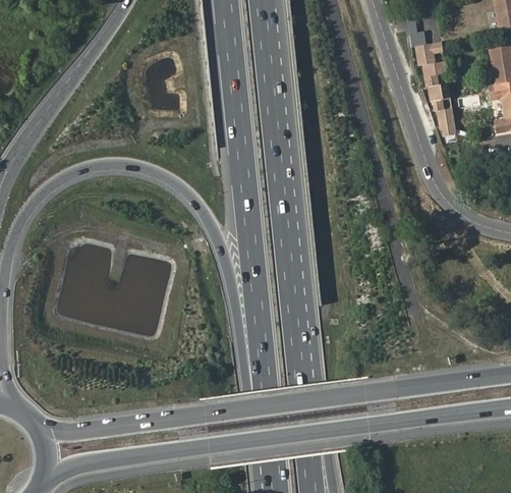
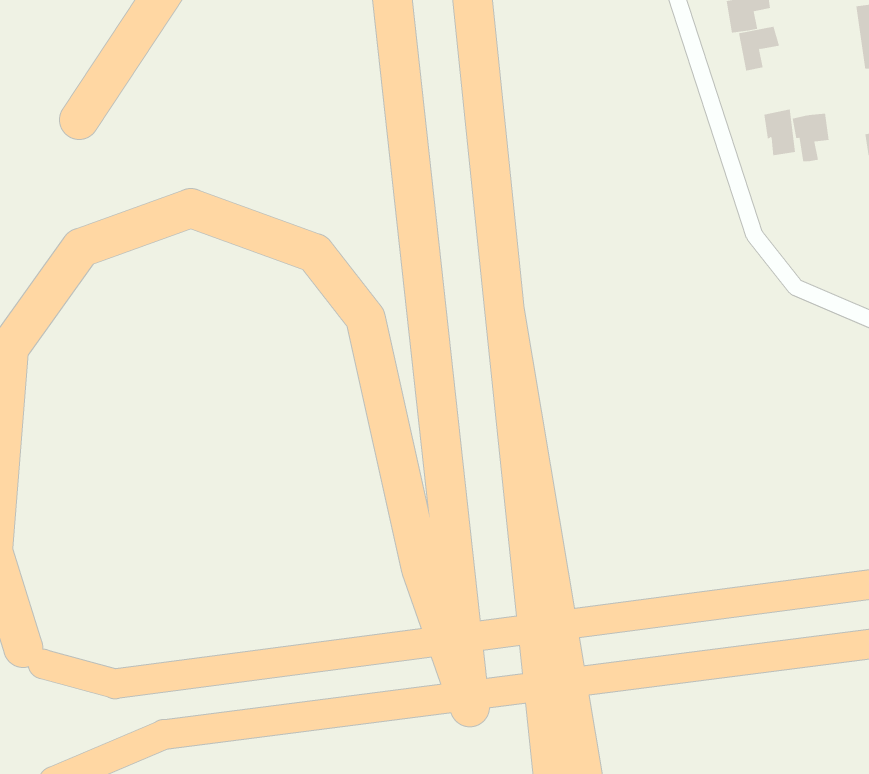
building: [429,83,450,110] -> [792,113,830,162]

